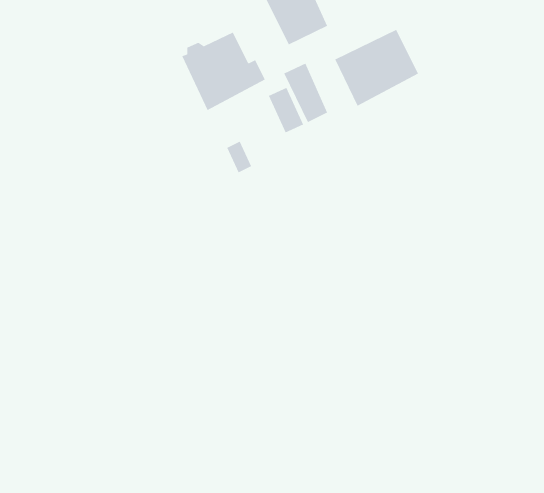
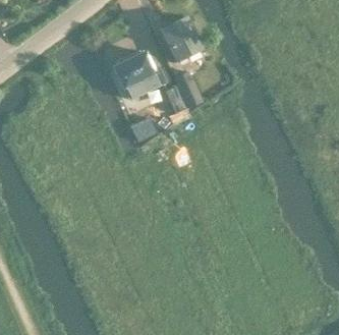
building: [334,29,419,107] -> none

